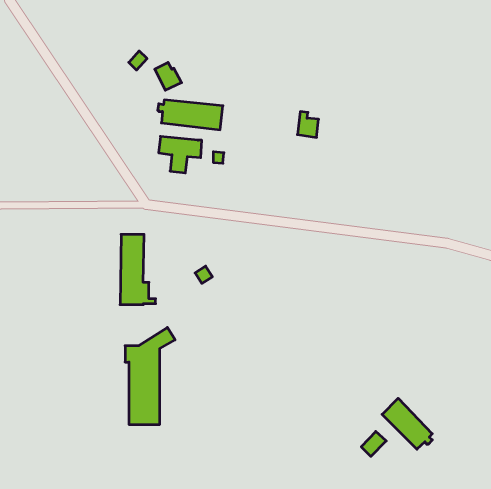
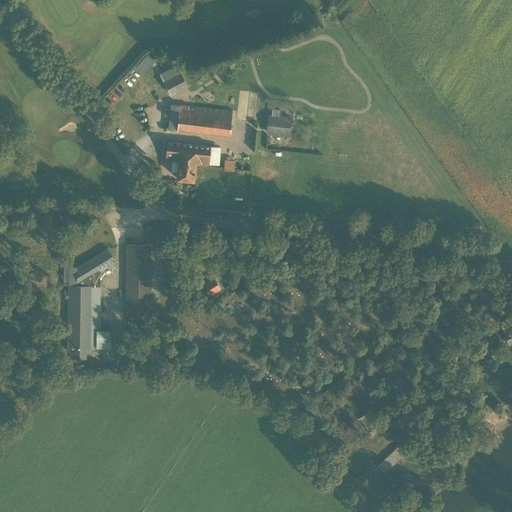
building: [297,112,319,137] -> [269,111,291,138]
building: [125,327,175,424] -> [63,250,115,351]
building: [382,398,432,449] -> none

